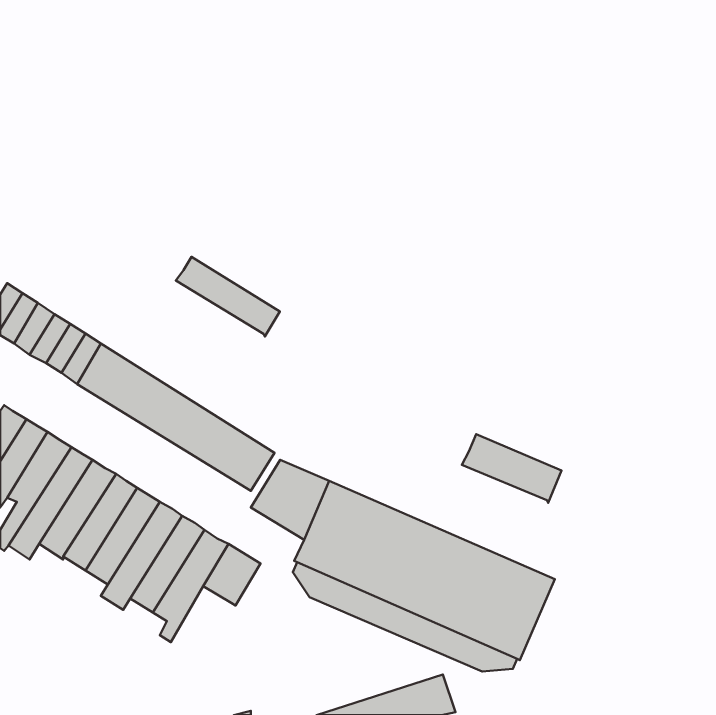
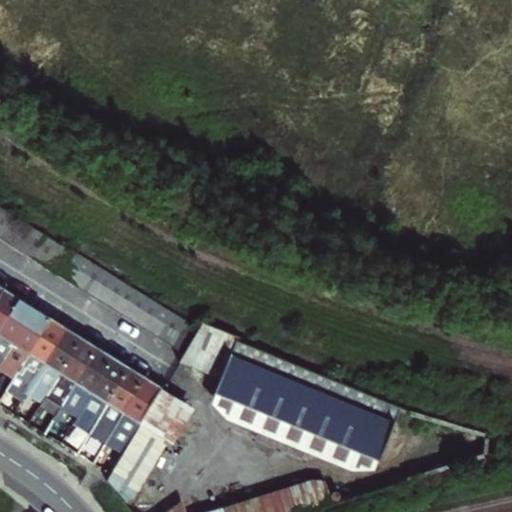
building: [176,257,280,337] -> none
building: [462,434,562,503] -> none
building: none -> [108,418,165,500]

